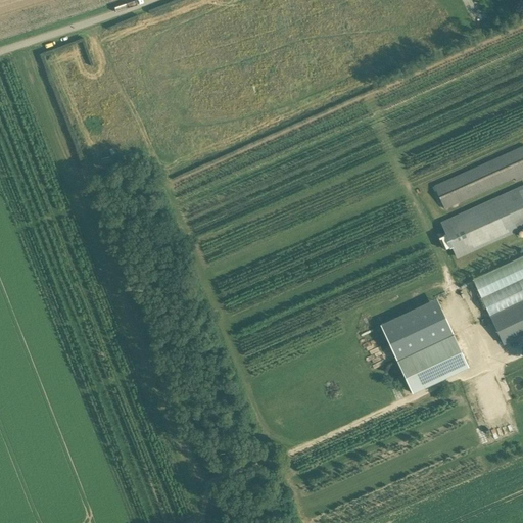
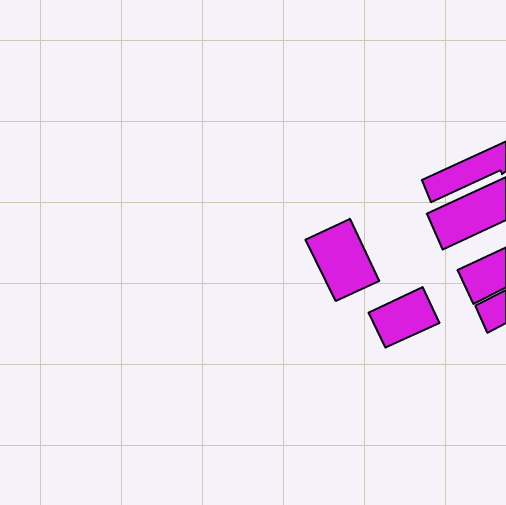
building: none -> [306,219,379,301]
building: [397,333,469,391] -> none

